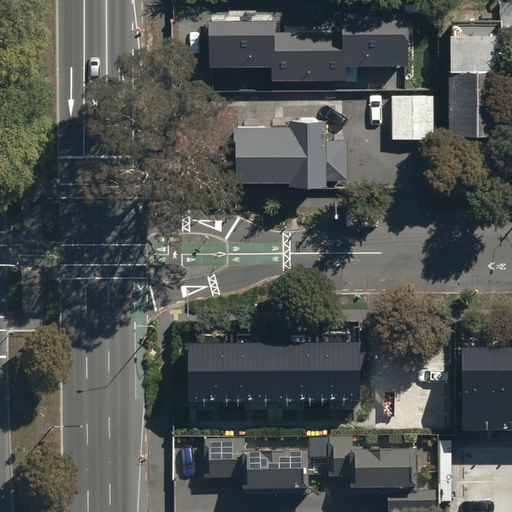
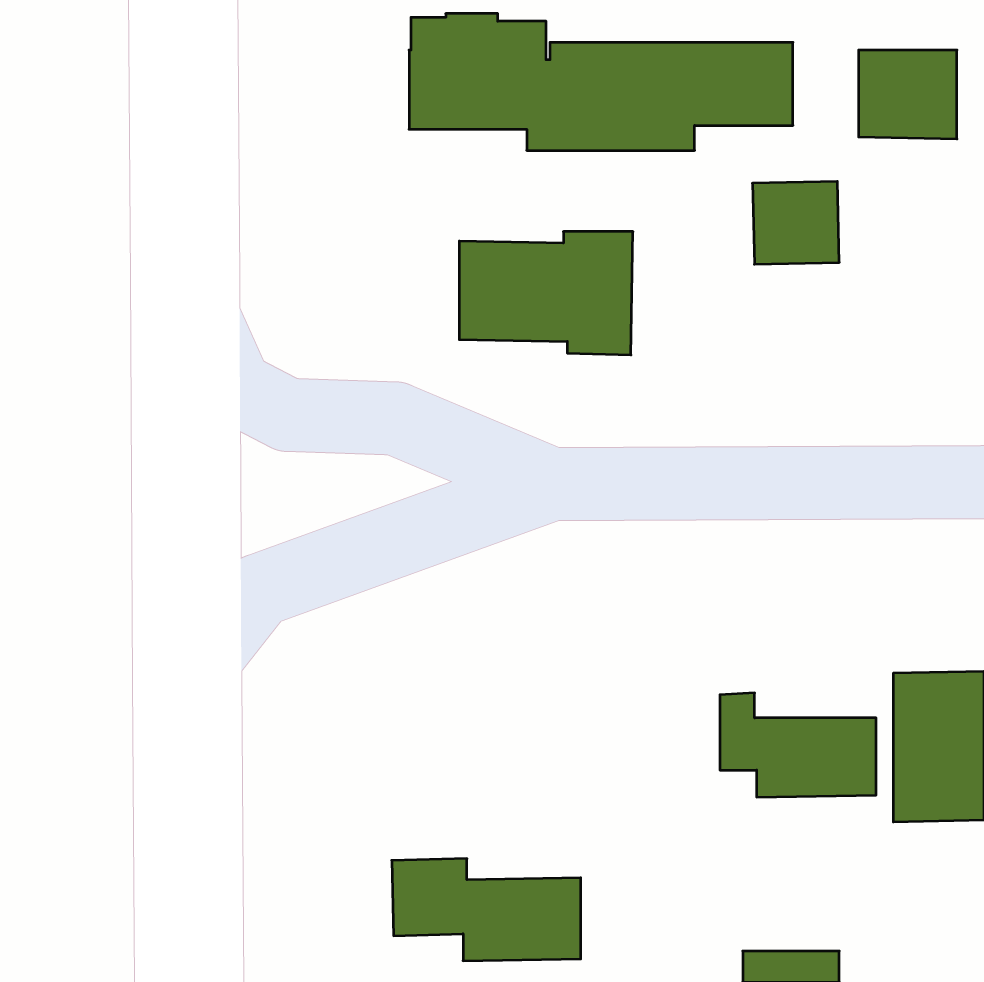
building: [449,76,500,134] -> none
building: [195,351,360,406] -> none
building: [333,437,414,491] -> [720,693,876,797]

